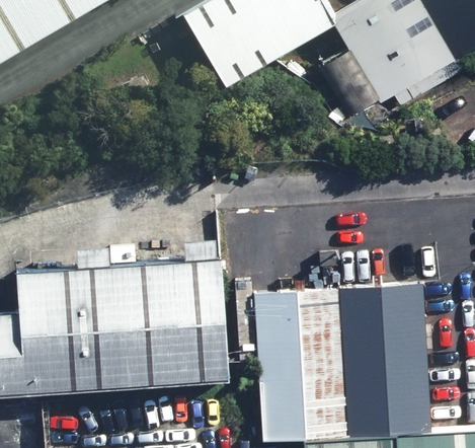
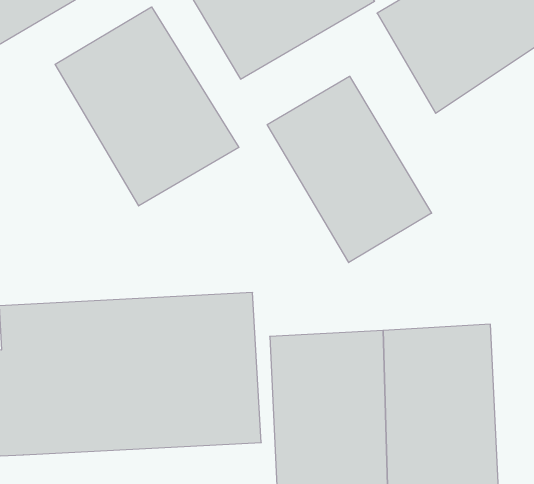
building: none -> [55,7,239,206]
building: none -> [267,76,432,263]

